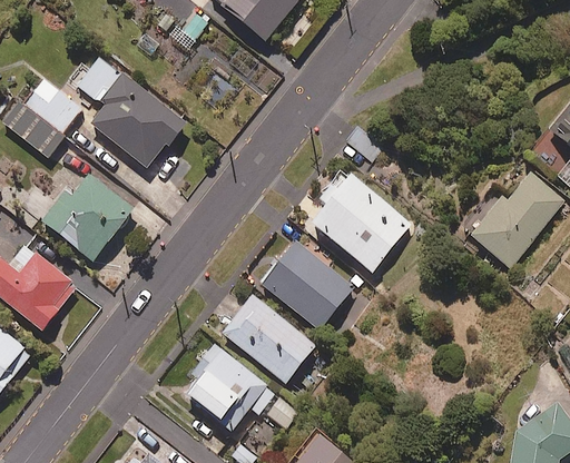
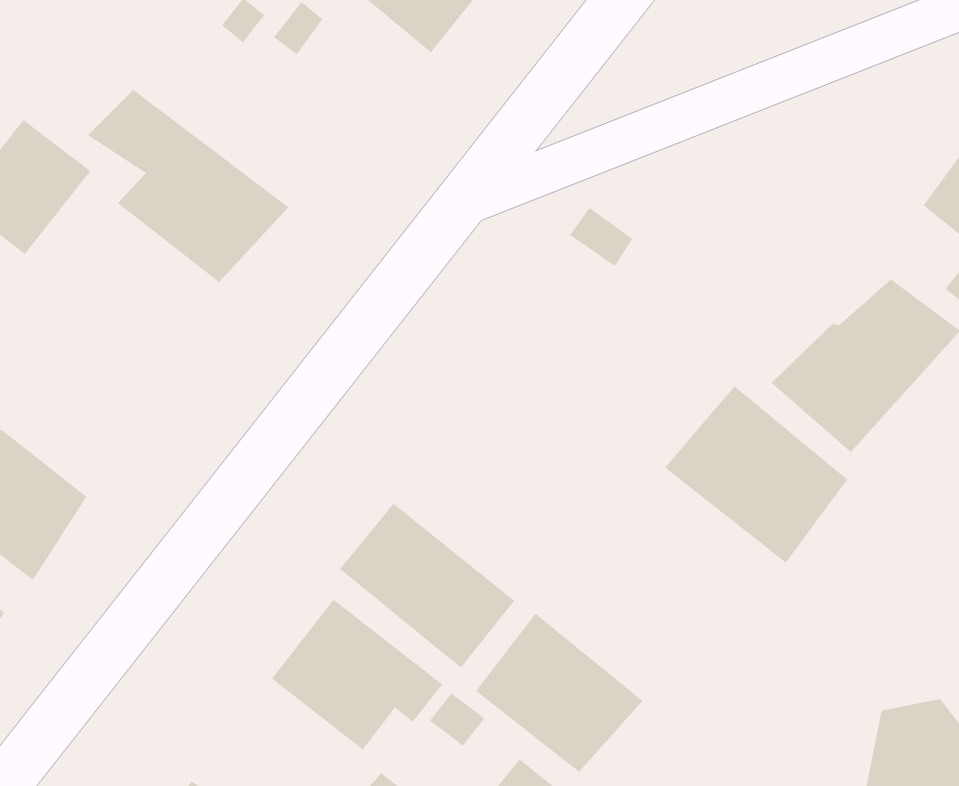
building: [302,170,404,269] -> [664,386,848,563]
building: [47,177,140,264] -> none
building: [258,237,352,326] -> [475,613,643,773]

